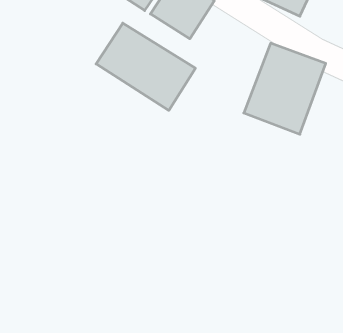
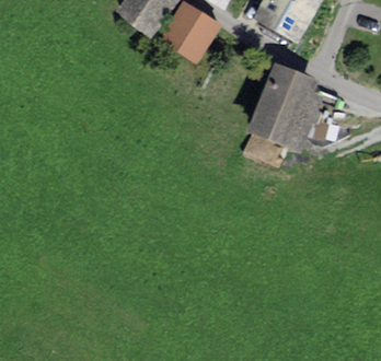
building: [96,23,195,110] -> none

